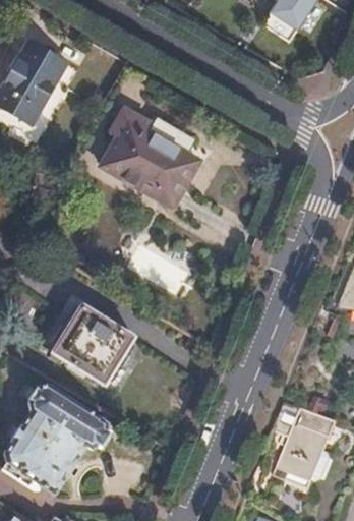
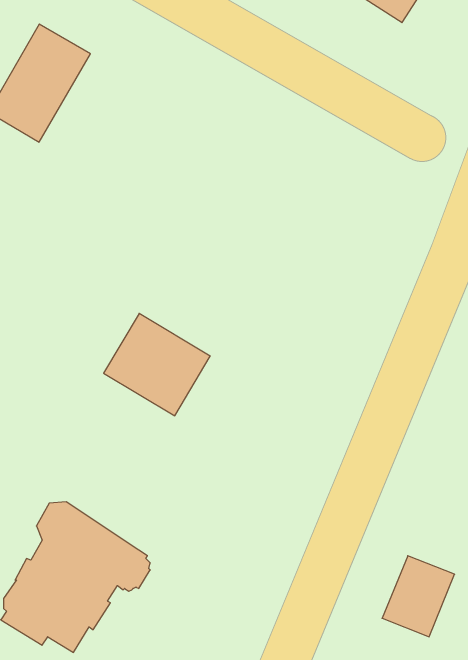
building: [101,112,198,205] -> none
building: [56,304,132,378] -> [104,313,210,416]

